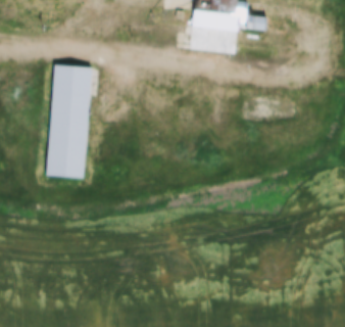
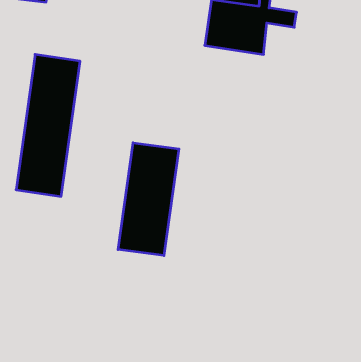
building: none -> [118,143,179,256]

